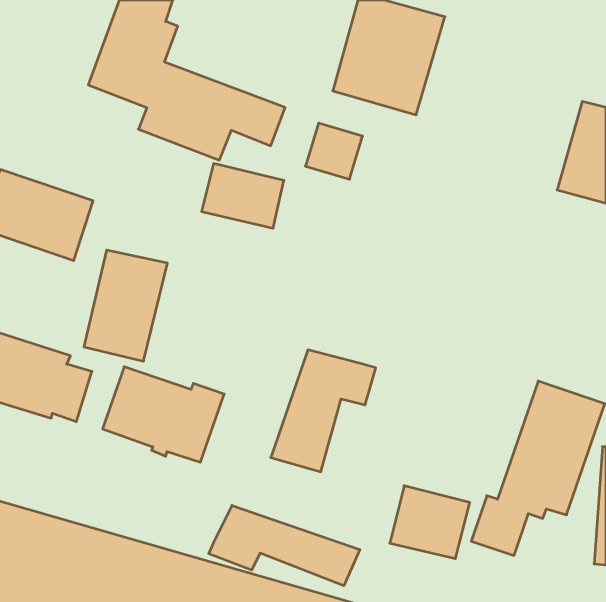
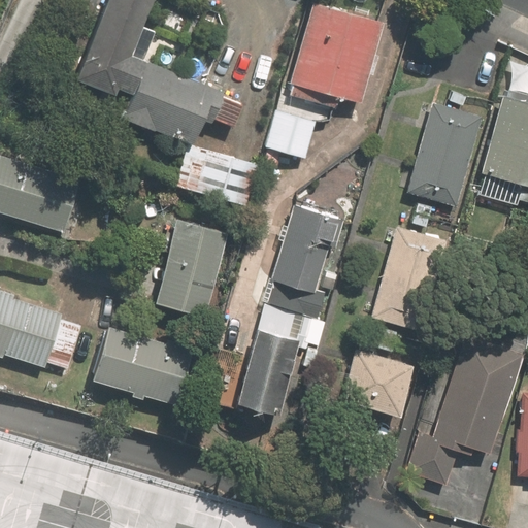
building: none -> [405,104,483,208]
building: none -> [266,206,344,321]
building: [84,250,167,361] -> [155,222,227,318]
building: none -> [370,230,447,334]
building: [390,486,470,559] -> [343,352,412,415]
building: [209,505,360,586] -> none

